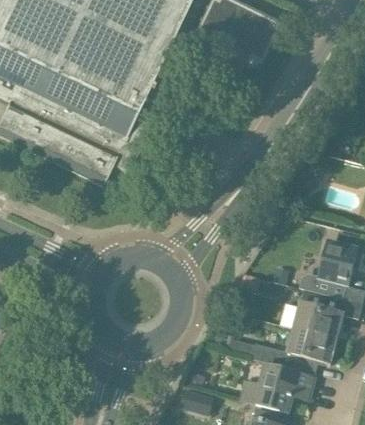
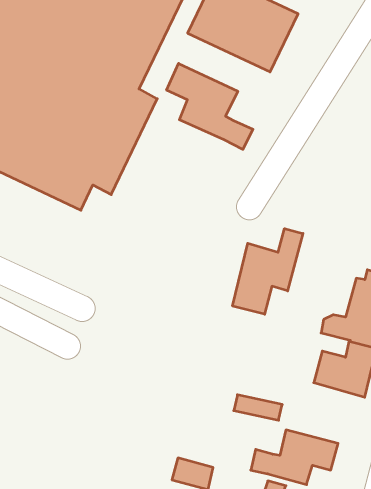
building: none -> [167,63,253,149]
building: none -> [233,229,303,314]
building: [280,327,337,373] -> none

